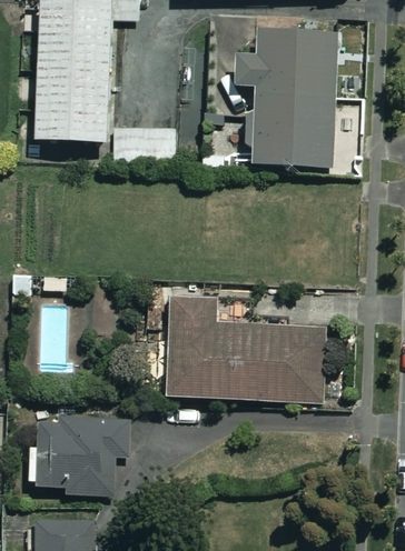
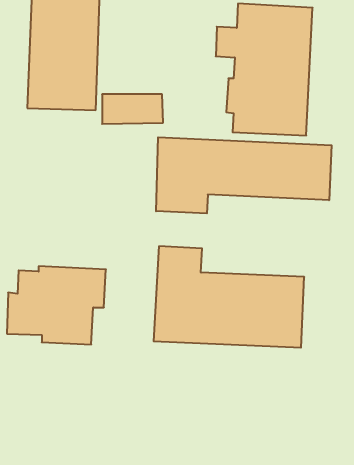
building: none -> [156,137,332,213]
building: [27,411,131,493] -> [7,266,106,344]

